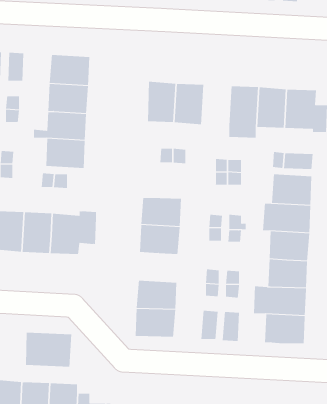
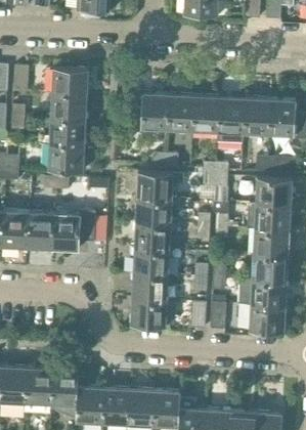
building: none -> [190,95,217,133]
building: none -> [136,171,183,200]
building: none -> [132,249,169,276]
building: [25,332,72,367] -> none

